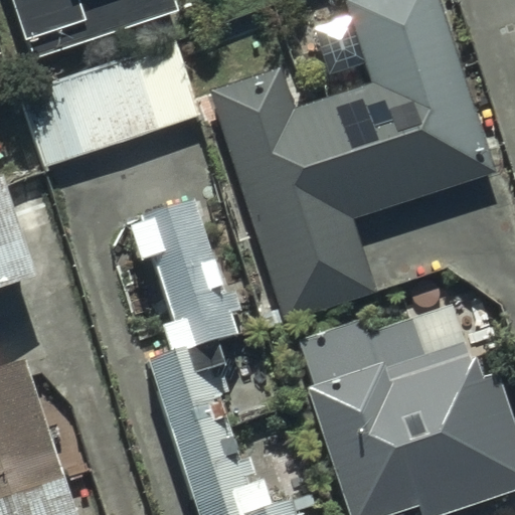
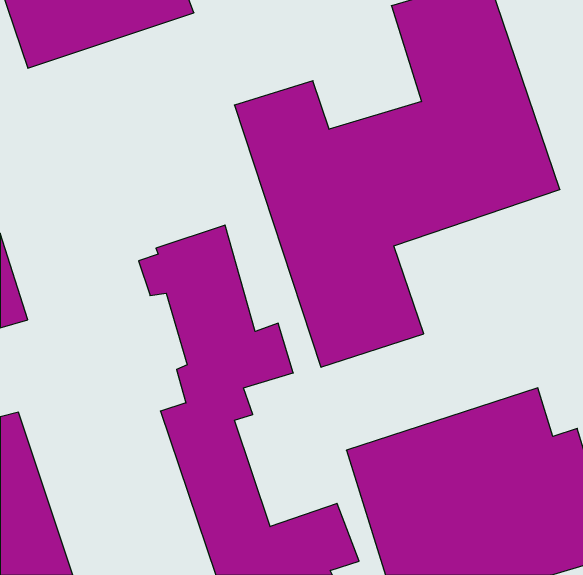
building: [13,38,203,170] -> none

